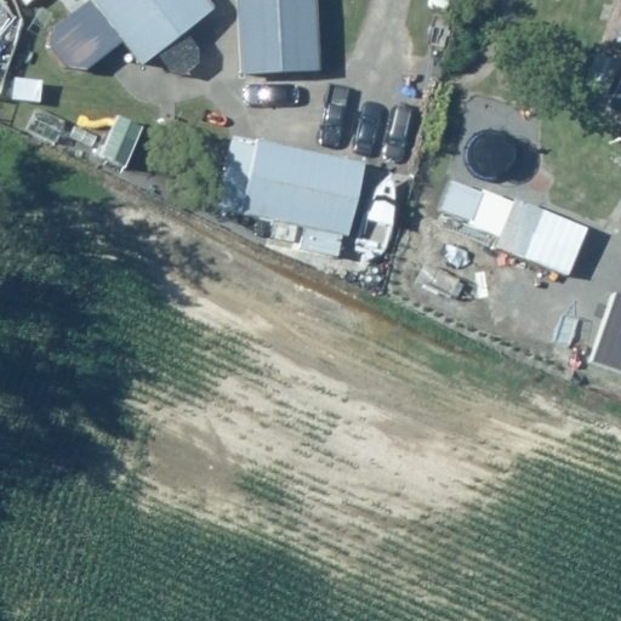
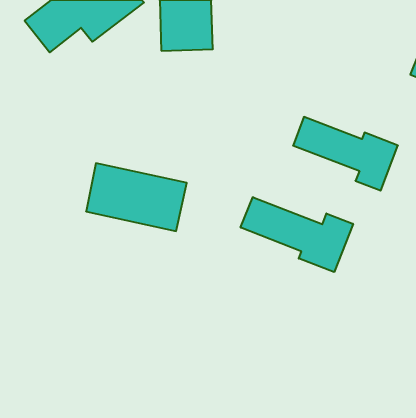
building: [216,133,365,234] -> [86,163,187,231]
building: none -> [241,197,353,272]

